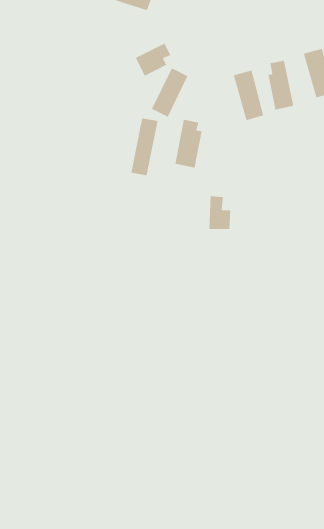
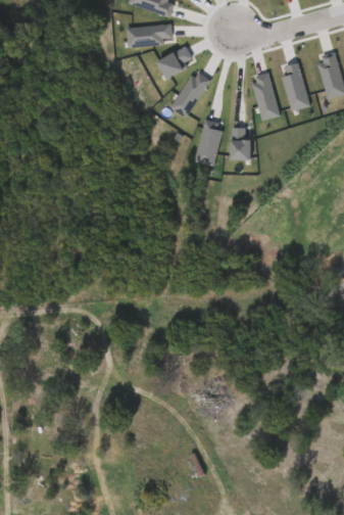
building: none -> [126,24,170,47]
building: [130,118,158,176] -> none
building: [209,195,231,230] -> [230,127,251,159]

